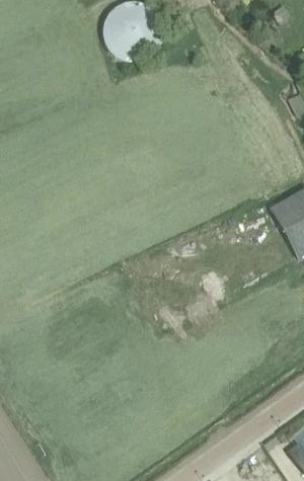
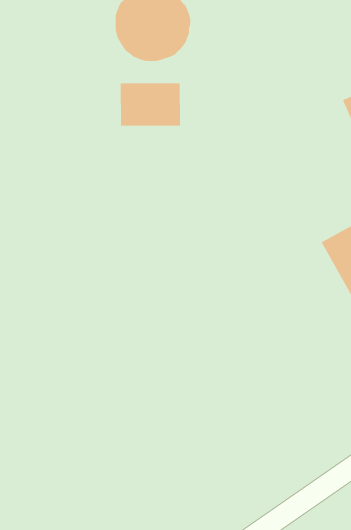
building: none -> [120,83,181,127]

